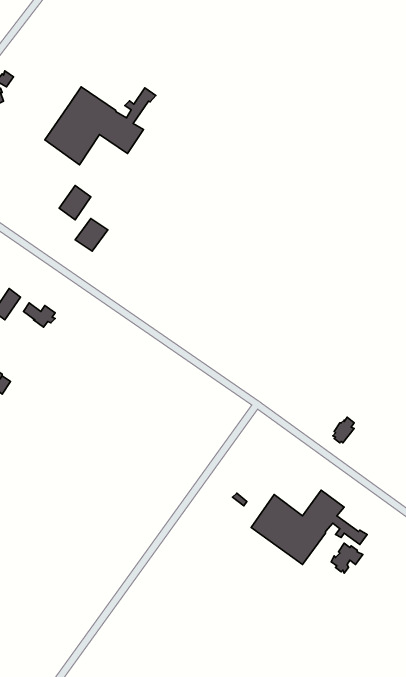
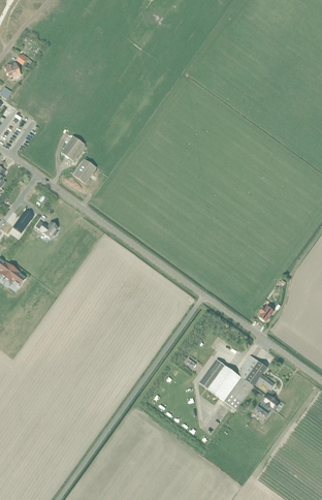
building: [45,87,156,165] -> none

